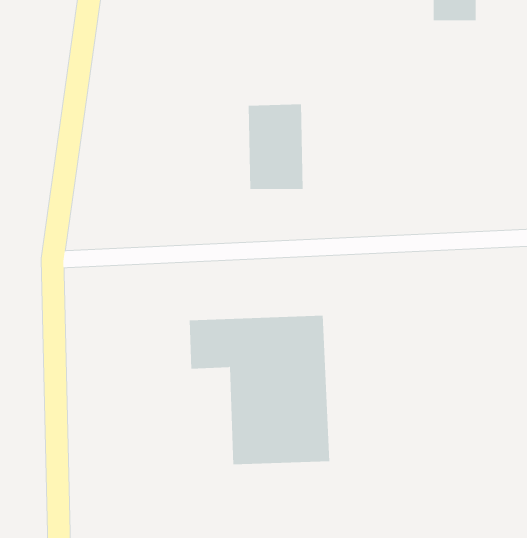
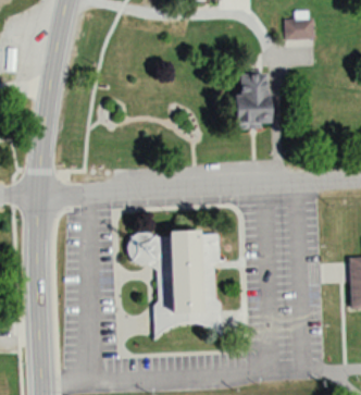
building: [248,104,303,190] -> [233,72,269,127]

